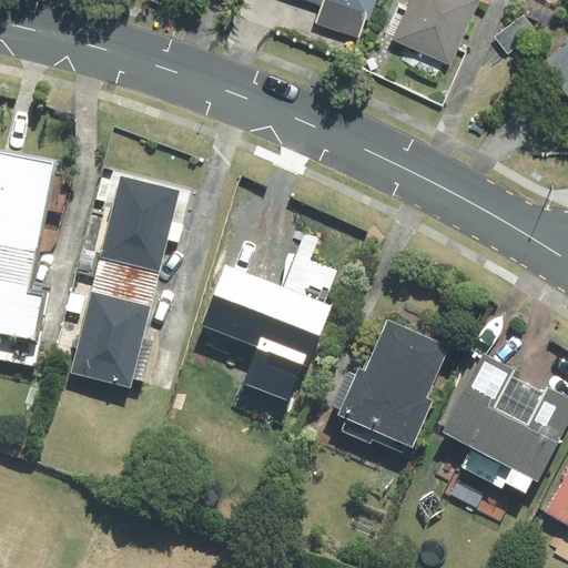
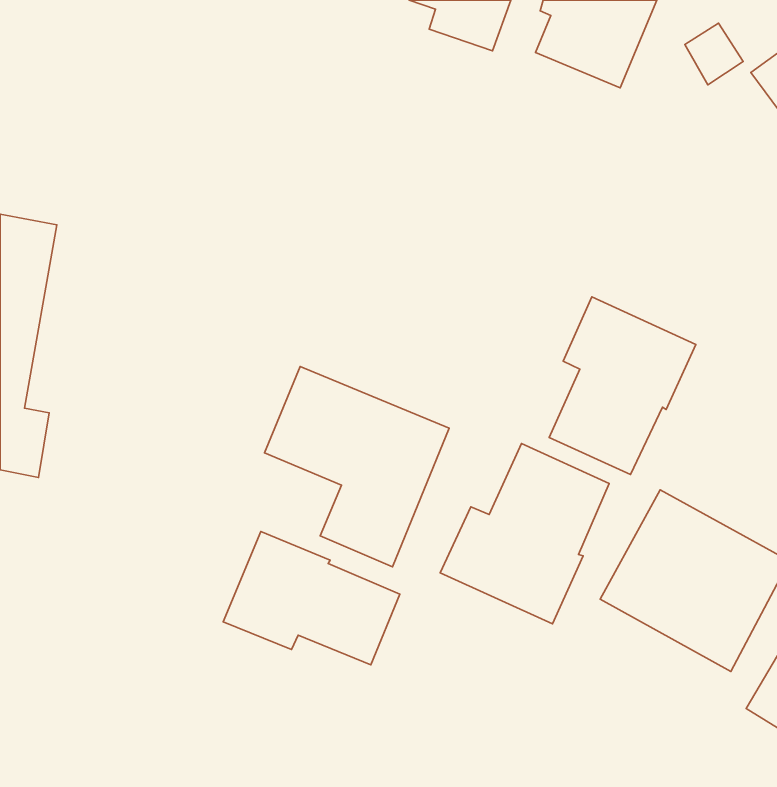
building: [69,176,186,394] -> none
building: none -> [549,297,696,475]
building: none -> [223,532,400,665]

